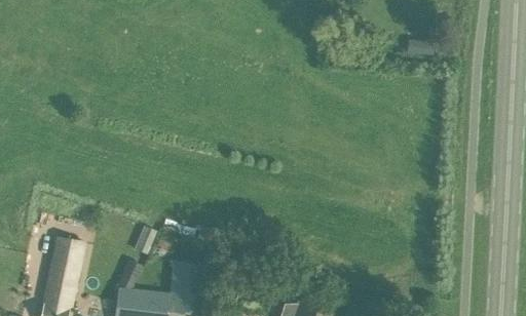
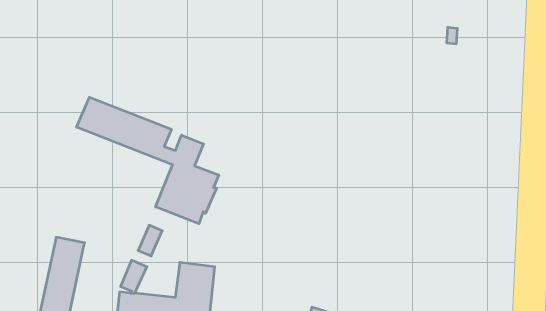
building: none -> [77,97,219,224]

